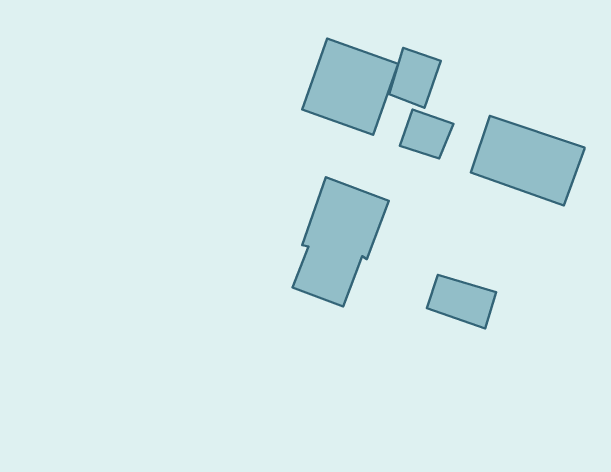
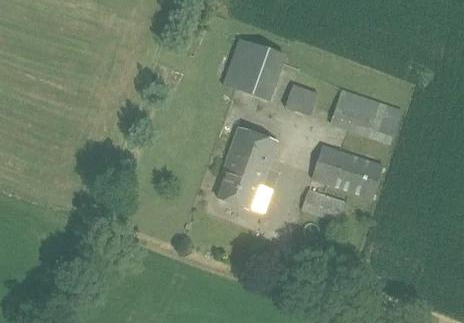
building: [389,48,441,108] -> none
building: none -> [312,145,383,198]

